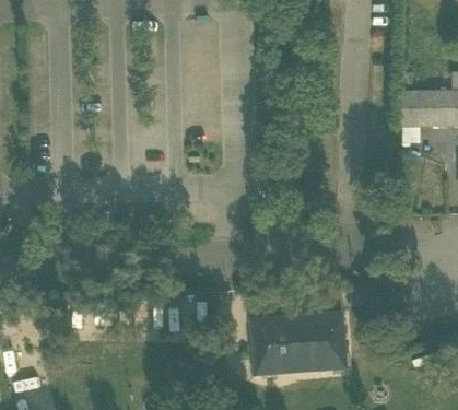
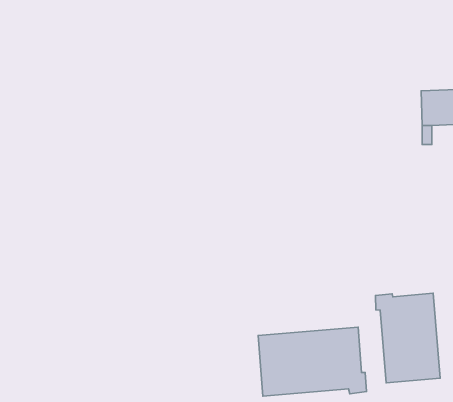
building: none -> [375,293,440,383]

